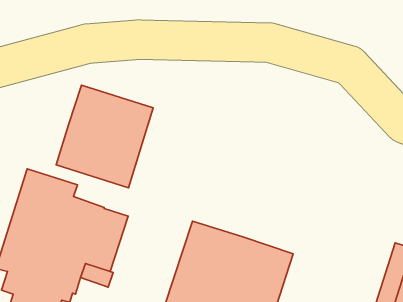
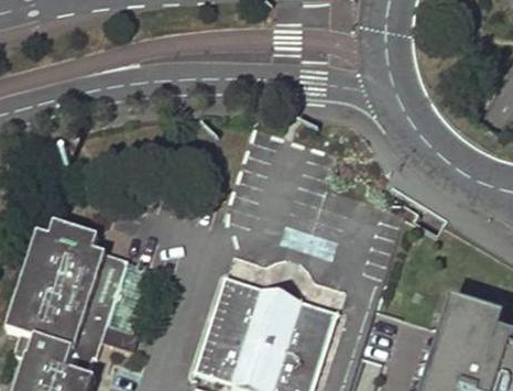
building: [56,85,153,188] -> none

